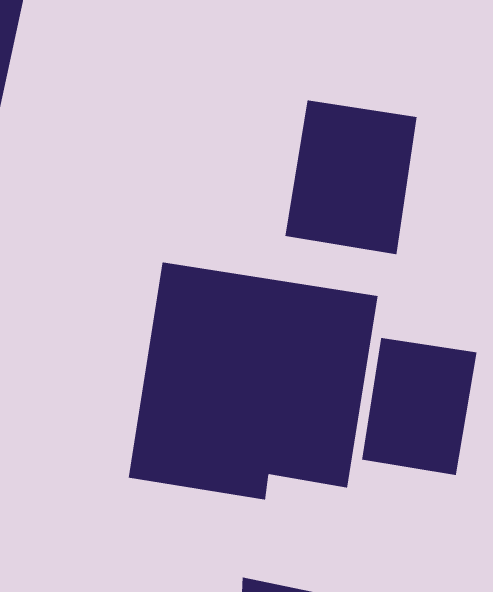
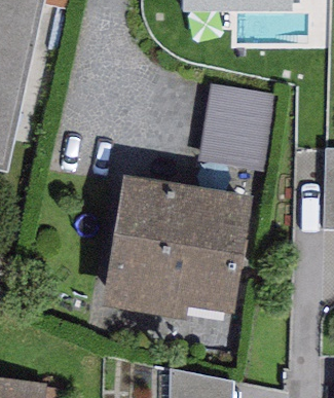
building: [361,337,477,476] -> none

